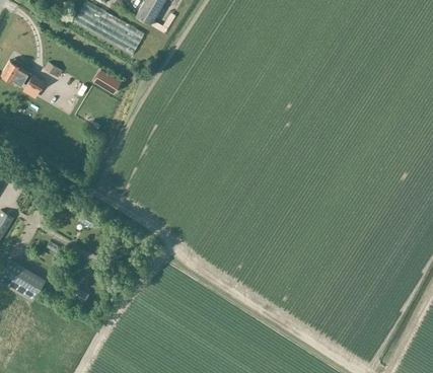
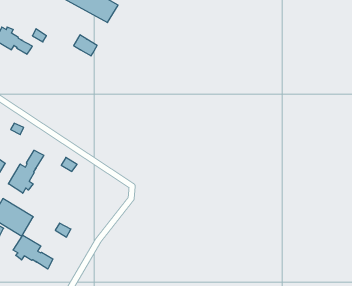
building: none -> [8,150,44,193]
building: none -> [13,235,53,269]

